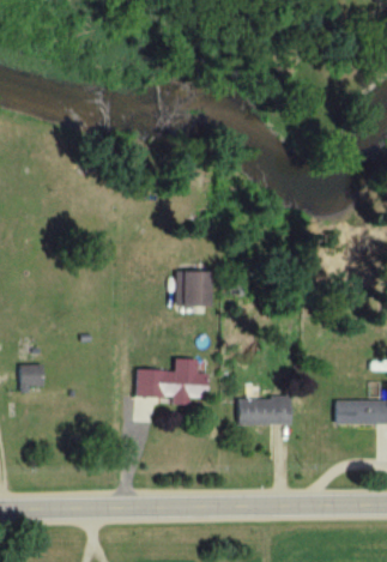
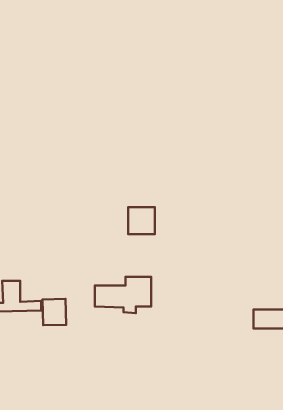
building: none -> [43,299,66,325]
building: [238,398,291,424] -> none

